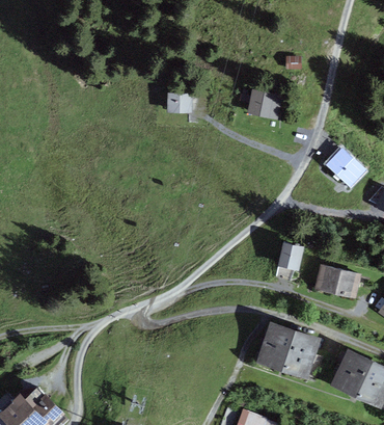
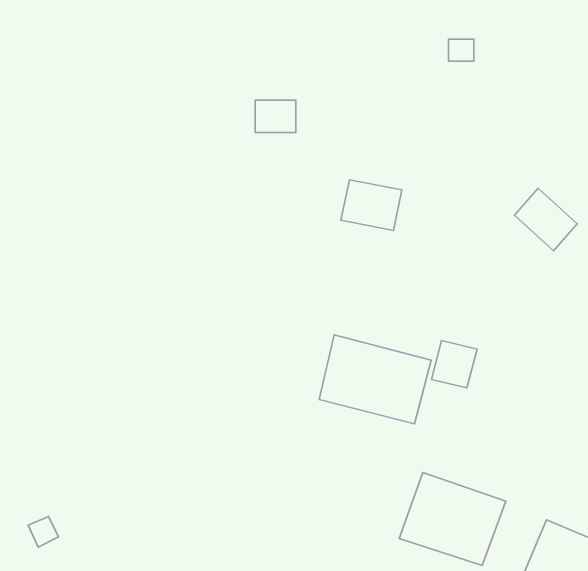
building: [246,88,283,119] -> [341,180,402,230]
building: none -> [319,335,431,424]
building: [312,264,361,300] -> none

